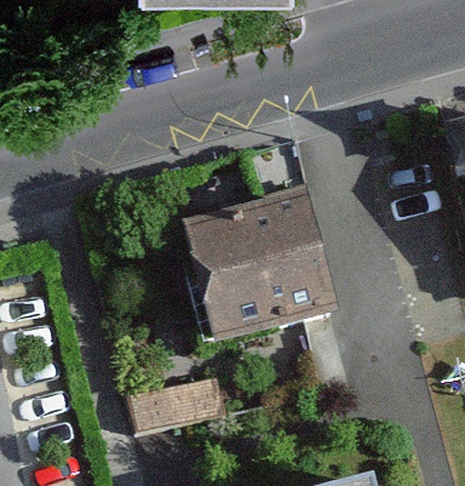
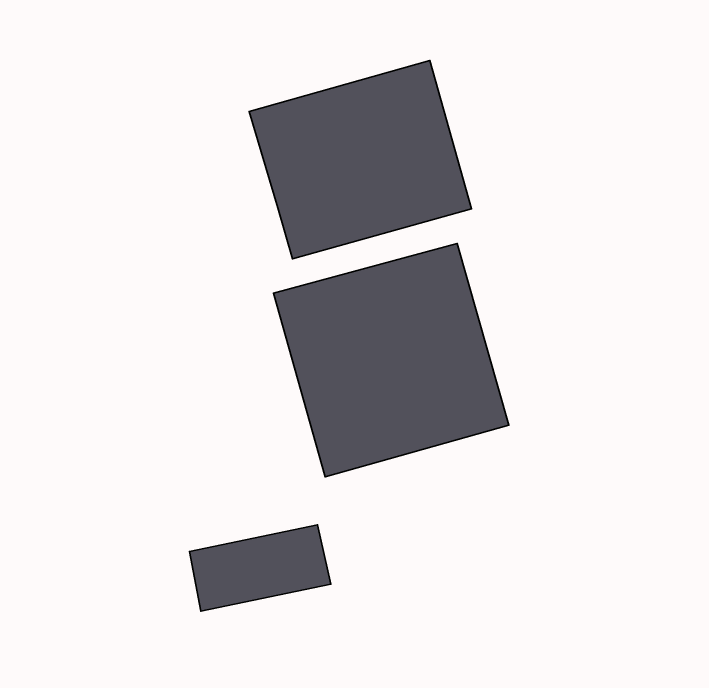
building: none -> [249,61,472,259]

